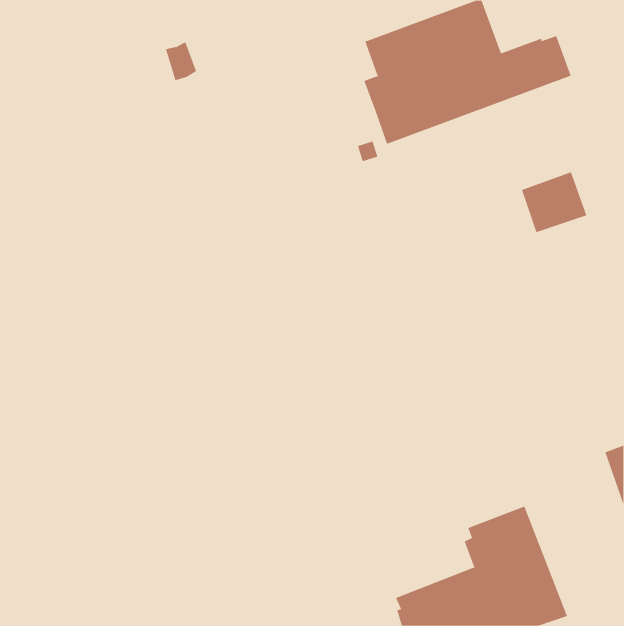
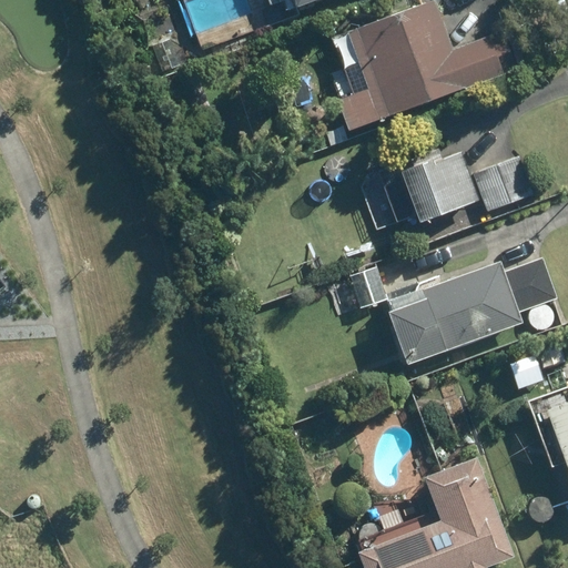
building: none -> [377,150,478,223]
building: none -> [347,257,556,365]

